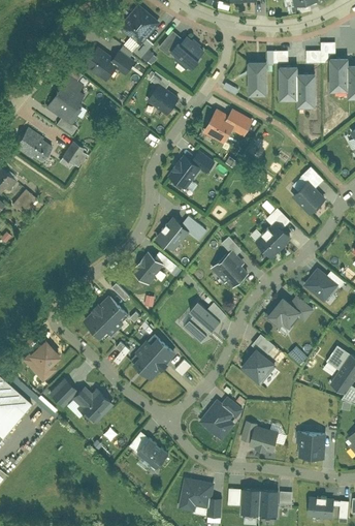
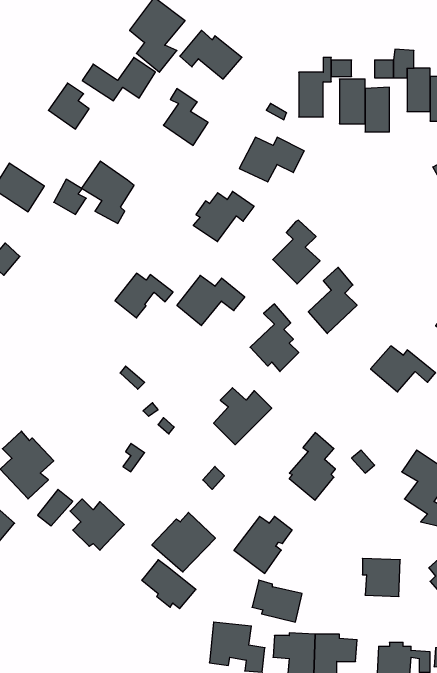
building: [42,89,83,136] -> [81,161,134,223]
building: [290,167,326,216] -> [273,220,320,284]
building: [132,252,176,286] -> [115,273,173,318]
building: [84,295,126,343] -> none
building: [264,296,313,332] -> none
building: [128,336,176,381] -> [152,512,215,572]
building: [240,421,279,453] -> [252,580,302,622]

